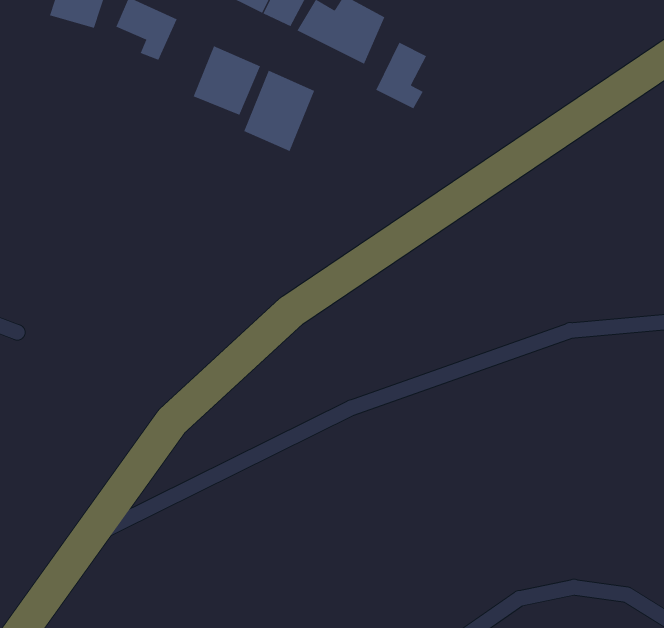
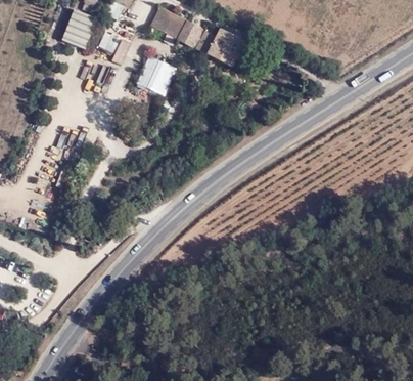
building: [375,42,427,109] -> none
building: [243,70,315,152] -> none

